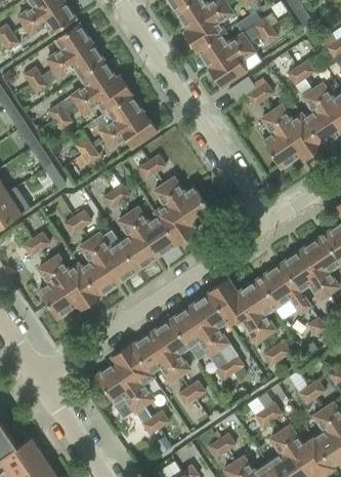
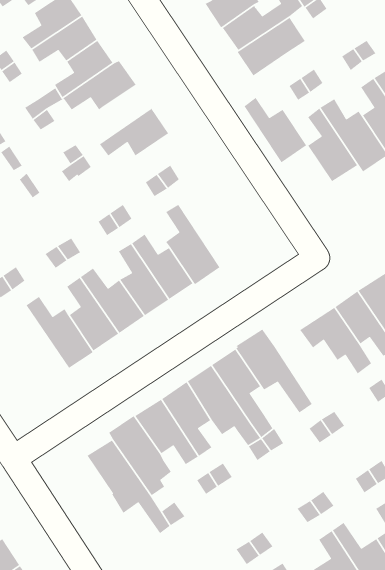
building: [92,94,142,138] -> none
building: [164,176,212,232] -> [244,97,307,170]
building: [38,261,81,318] -> none
building: [237,279,284,335] -> none

